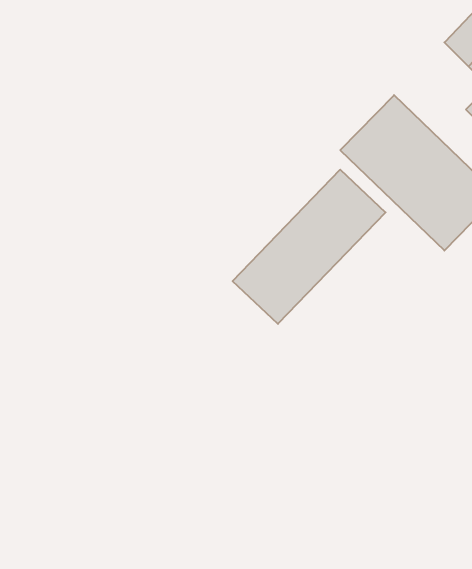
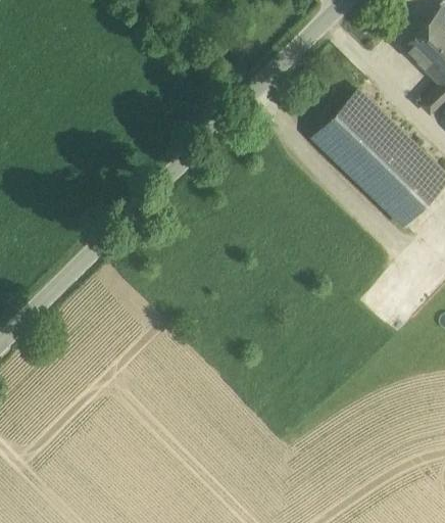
building: [233,170,386,324] -> none

